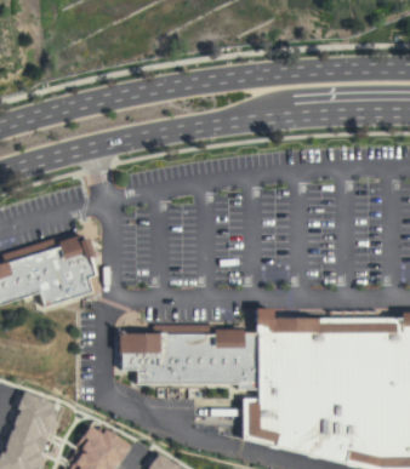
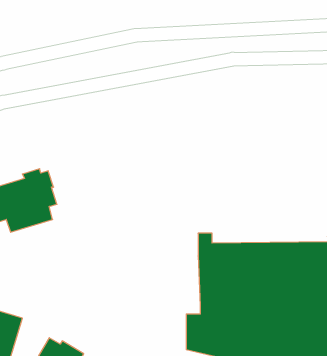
building: [119,324,258,389] -> none

